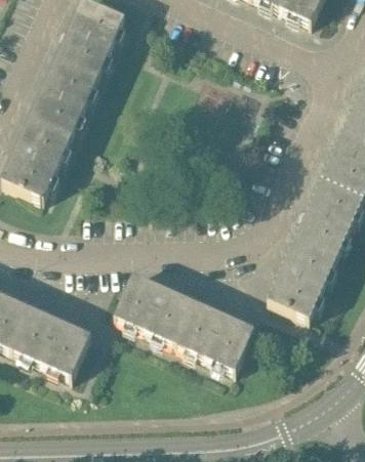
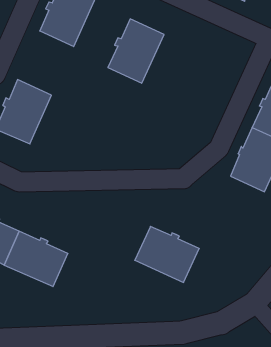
building: [29,56,98,136] -> [108,19,164,83]
building: [266,237,335,317] -> none
building: [114,271,194,341] -> none

